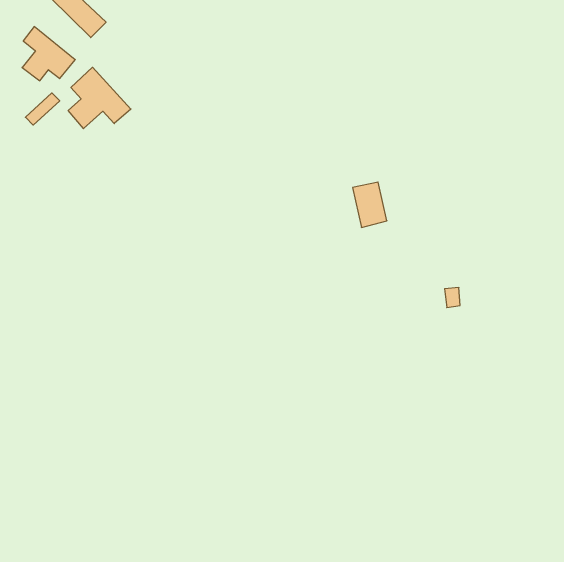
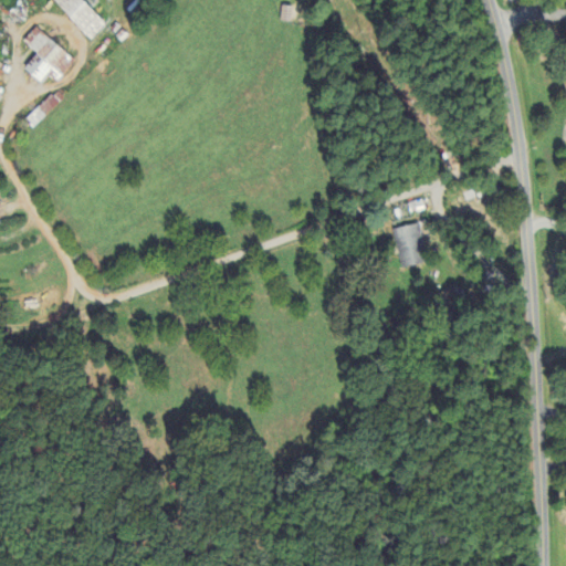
building: [68,67,131,129] -> none
building: [353,182,387,227] -> [394,222,428,268]

